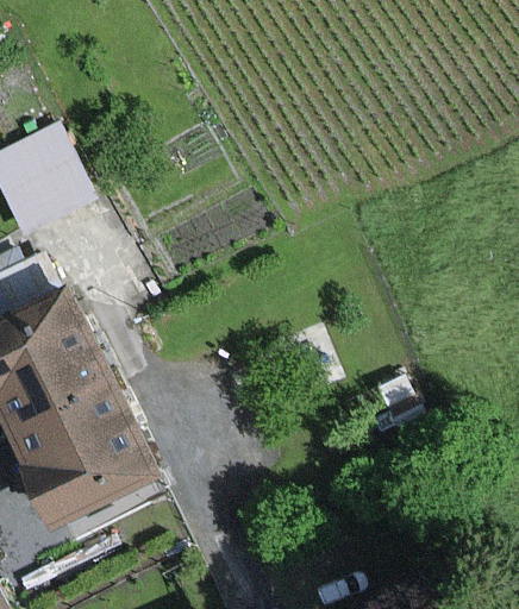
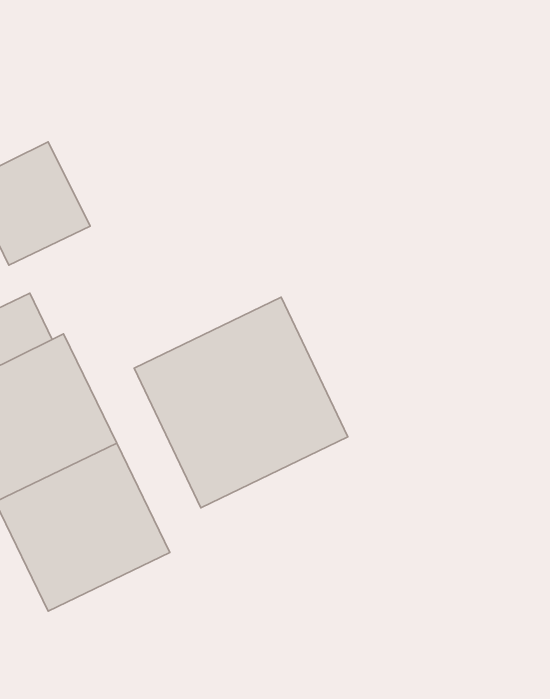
building: none -> [134,297,348,508]

